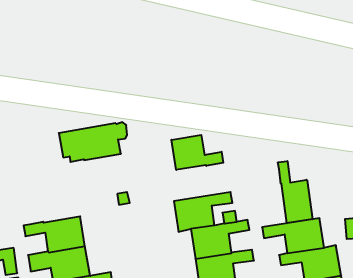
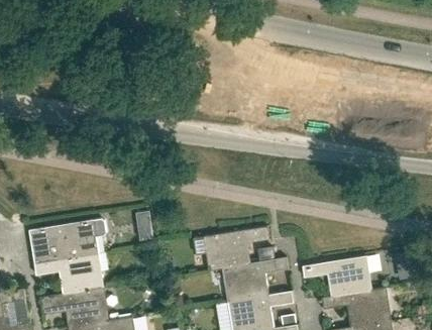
building: [59,122,127,162] -> [28,218,105,262]
building: [171,135,223,170] -> none
building: [278,161,312,223] -> none

